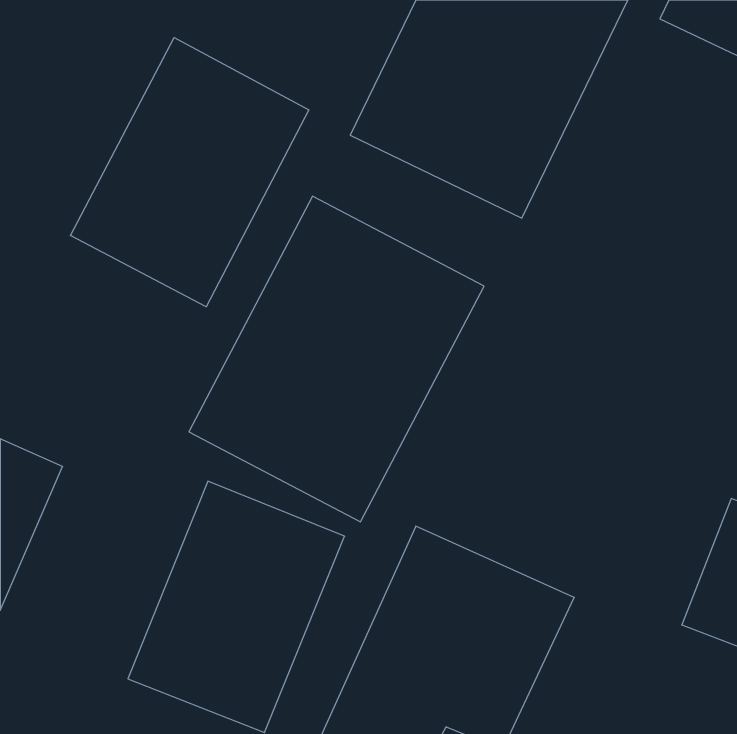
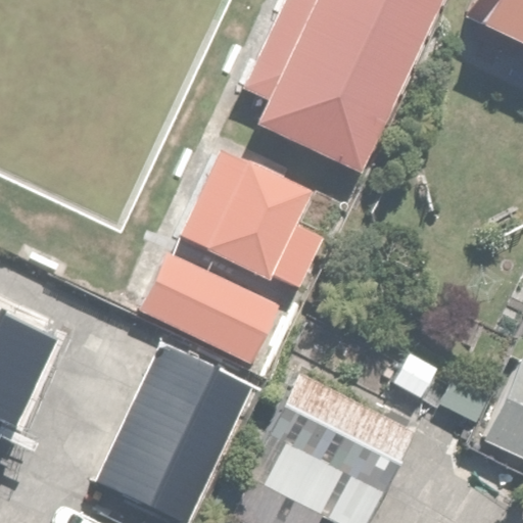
building: [70,38,309,307] -> none

